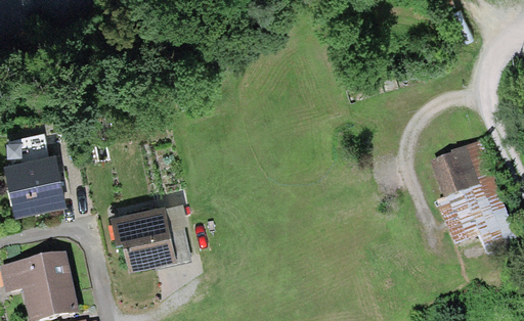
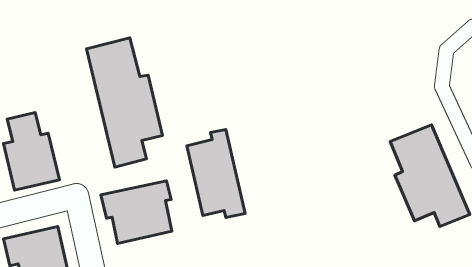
building: none -> [87,38,163,167]
building: none -> [187,130,245,217]

